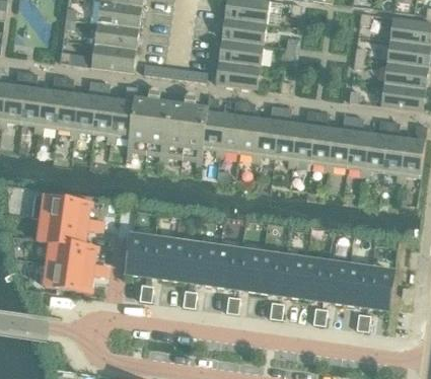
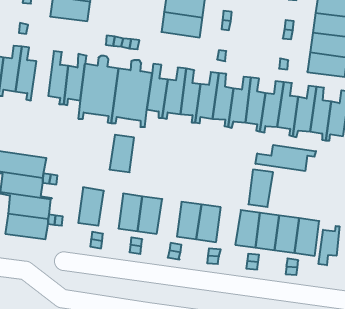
building: [91,44,136,72] -> none
building: [215,61,261,89] -> none
building: [73,81,98,137] -> none
building: none -> [256,145,316,171]
building: [148,237,175,279] -> [109,135,134,172]
building: [213,246,240,288] -> none
building: [279,255,306,297] -> [248,170,273,207]
building: none -> [319,226,339,265]

